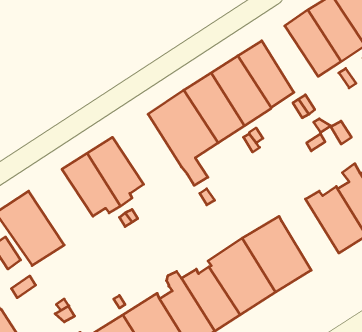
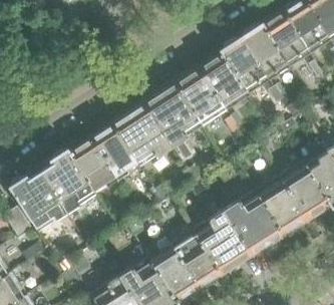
building: none -> [241,23,290,81]
building: none -> [110,100,171,167]
building: none -> [37,148,97,215]
building: none -> [258,175,308,237]

